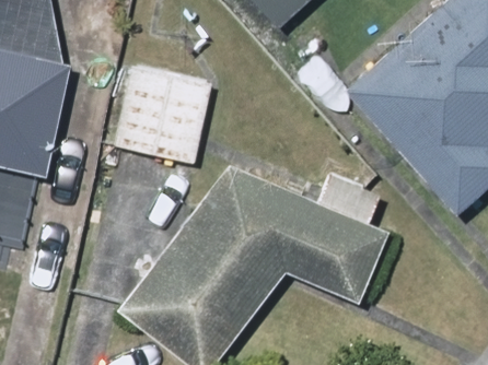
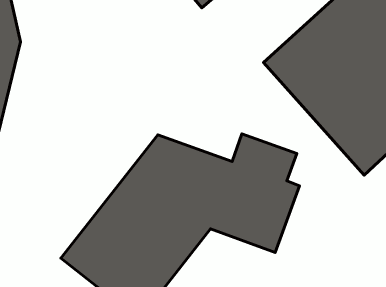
building: [107,63,209,169] -> none

